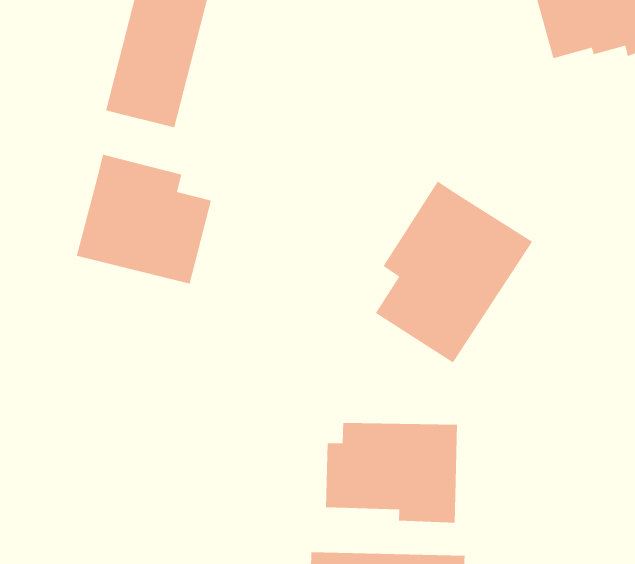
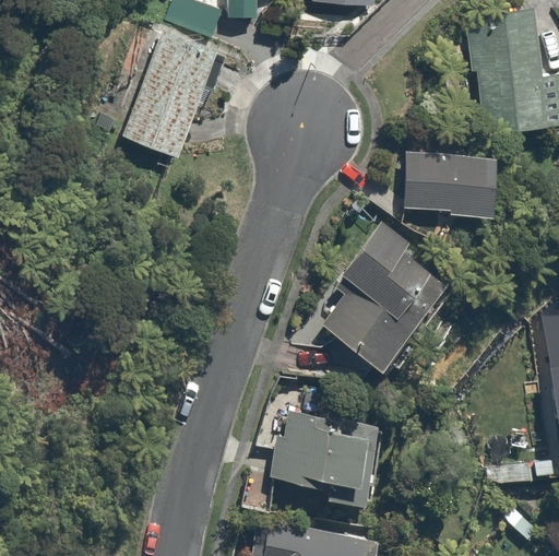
building: none -> [397,140,497,225]
building: [76,154,212,285] -> none

